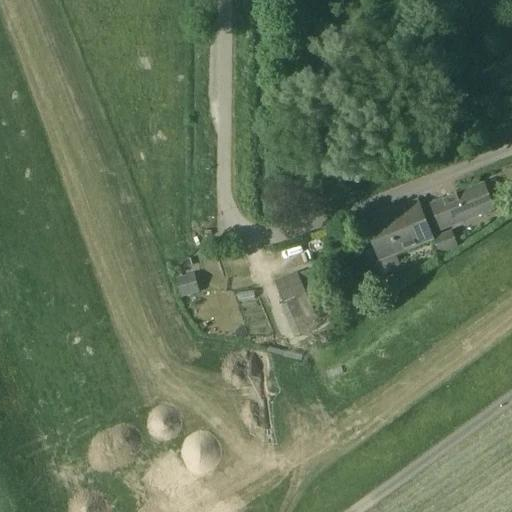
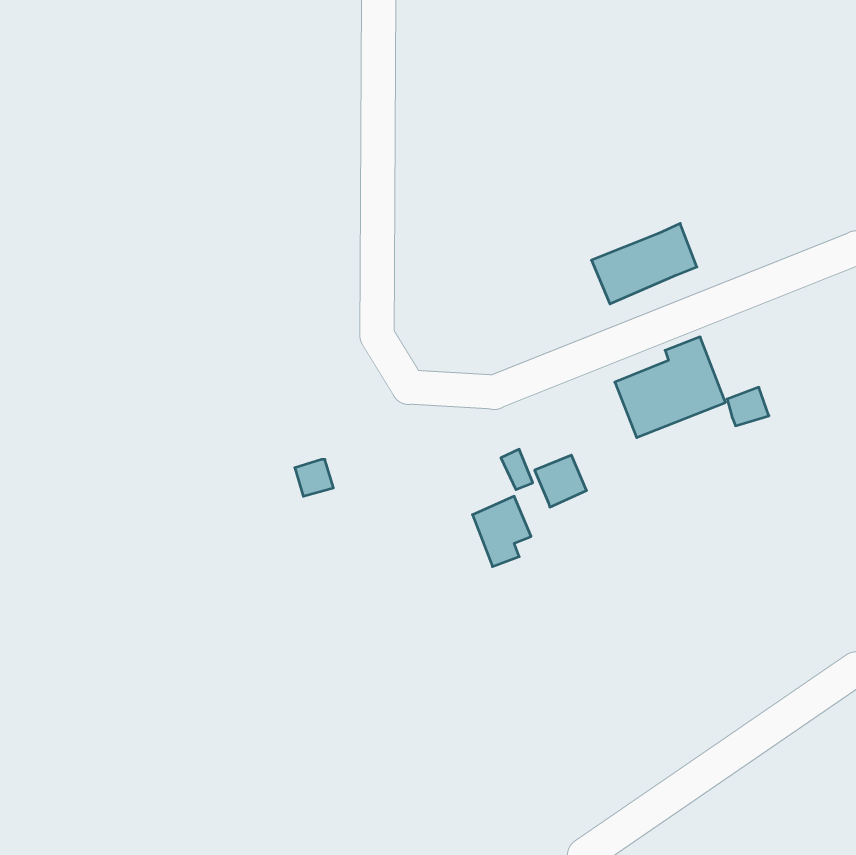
building: [432,183,495,231] -> [591,223,697,304]
building: [275,273,306,304] -> [535,455,587,507]

